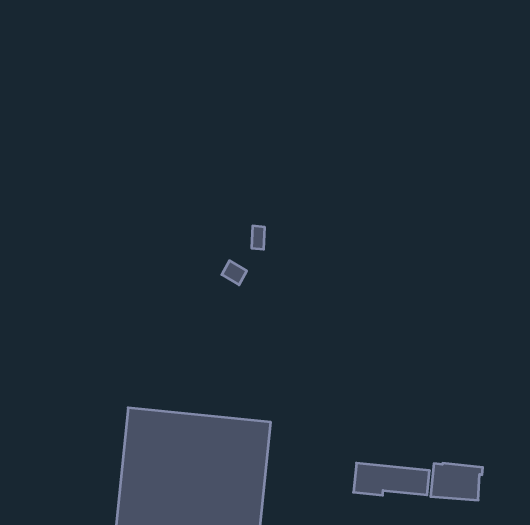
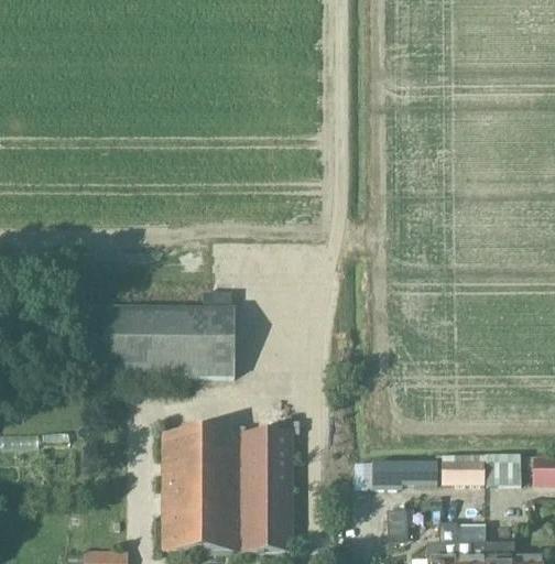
building: none -> [105,305,235,376]
building: none -> [487,452,521,481]

